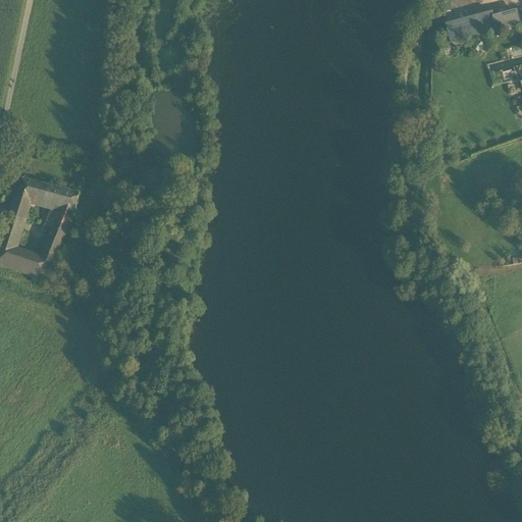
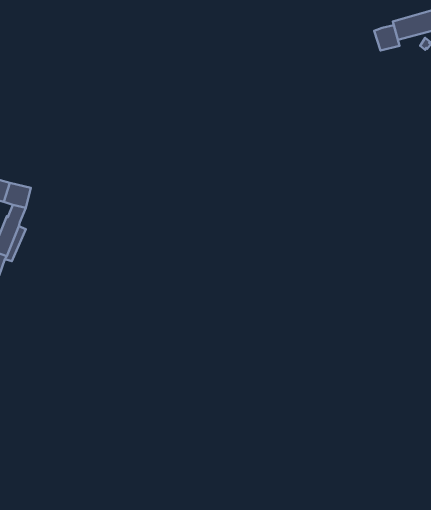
building: none -> [374,25,399,51]

